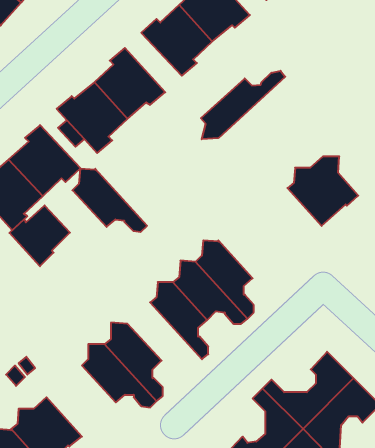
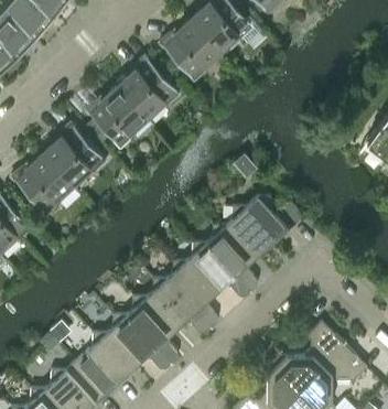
building: [201,71,285,139] -> none
building: [287,156,358,226] -> [226,196,288,257]
building: [72,169,147,232] -> [147,278,212,333]
building: [9,205,70,266] -> none
building: none -> [76,332,137,395]

